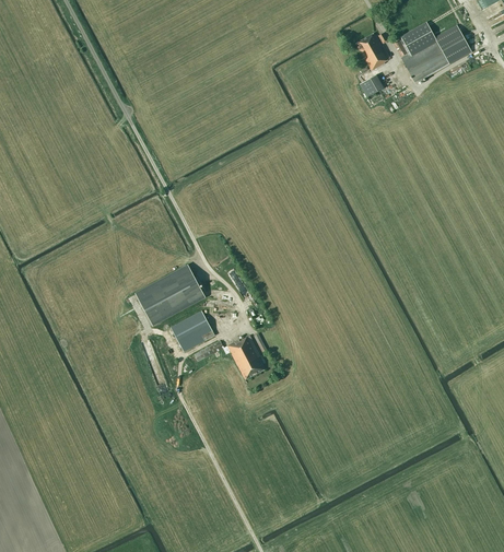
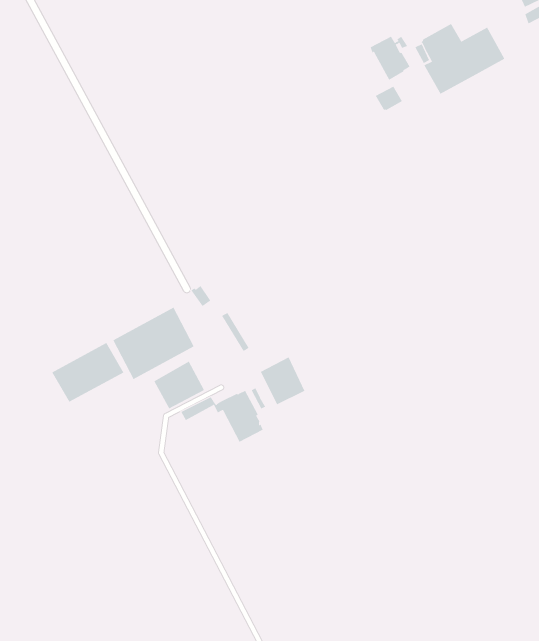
building: none -> [52,342,124,403]
building: none -> [260,357,305,405]

